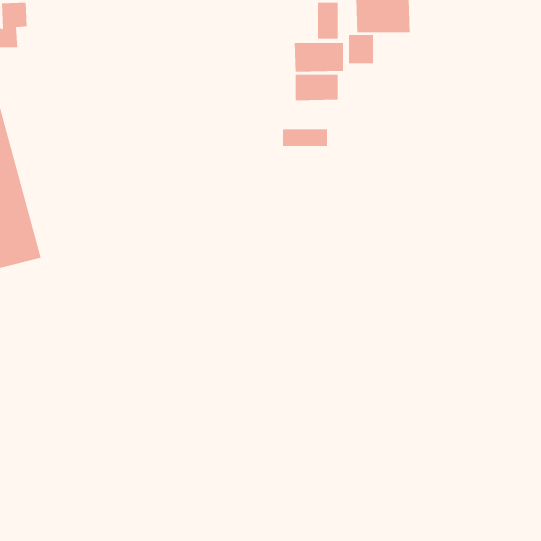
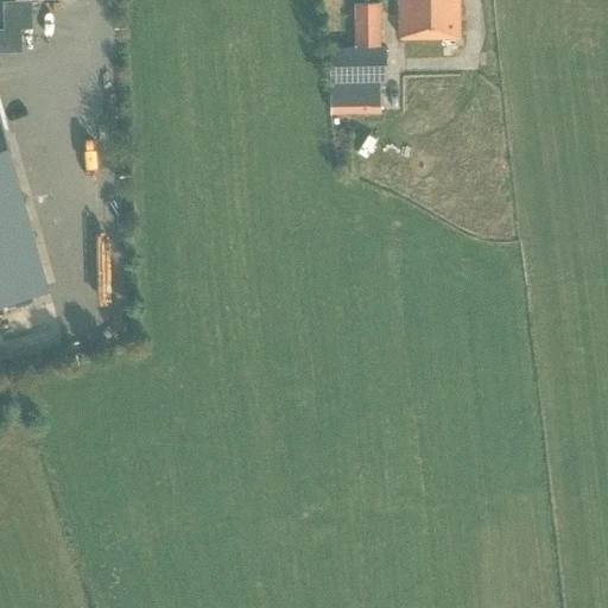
building: [348,34,373,64] -> none
building: [283,128,327,147] -> none

